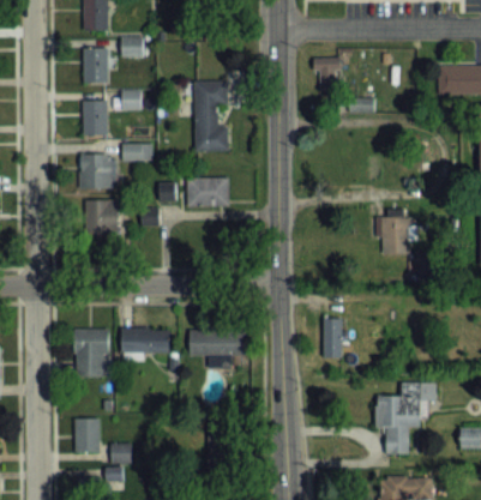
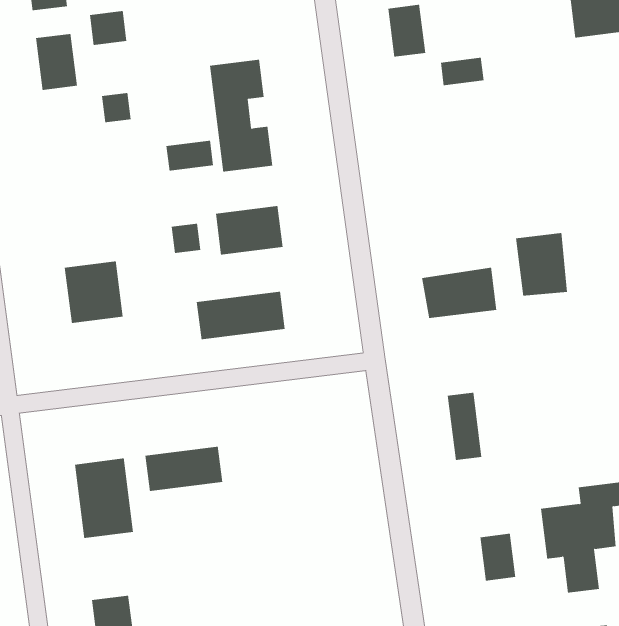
building: [83,101,108,135] -> none
building: [122,144,152,161] -> [166,140,214,171]
building: [80,155,116,188] -> none
building: none -> [421,267,497,319]
building: [190,331,246,356] -> [196,291,286,340]
building: none -> [480,533,516,581]

